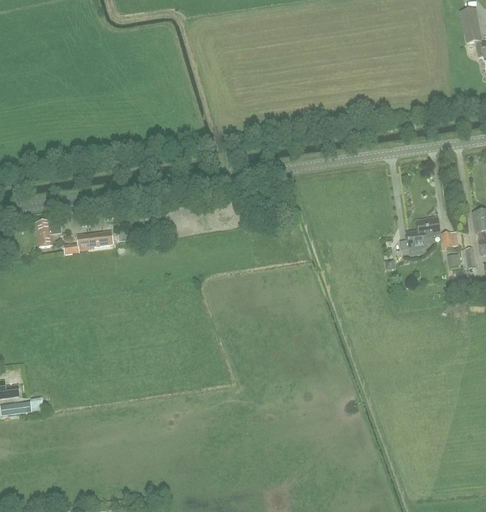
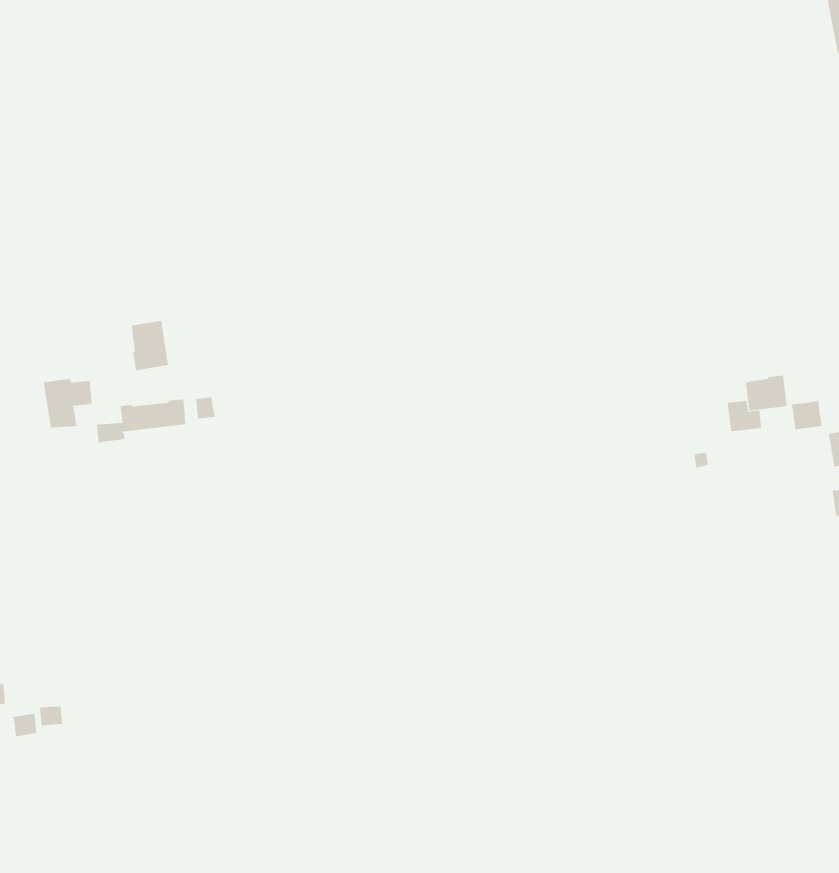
building: none -> [131,320,168,371]

